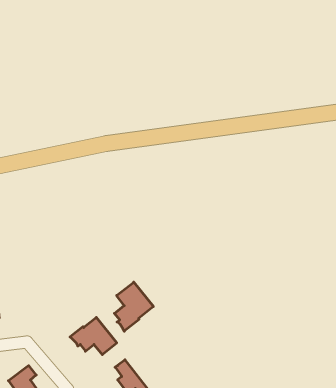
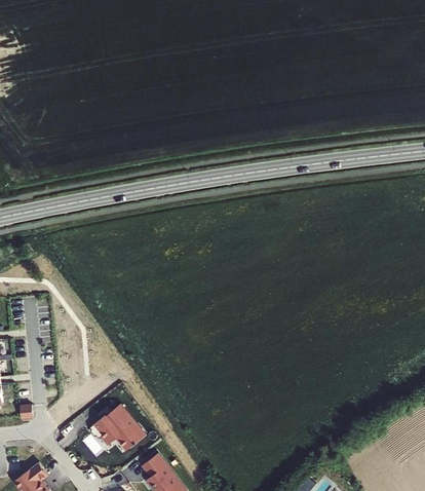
building: [114,282,153,331] -> none

